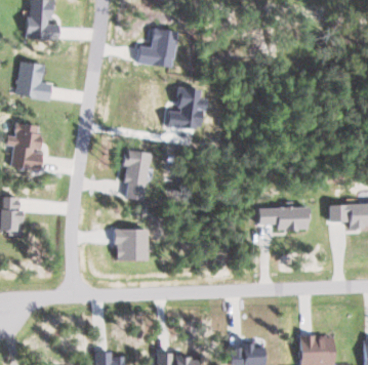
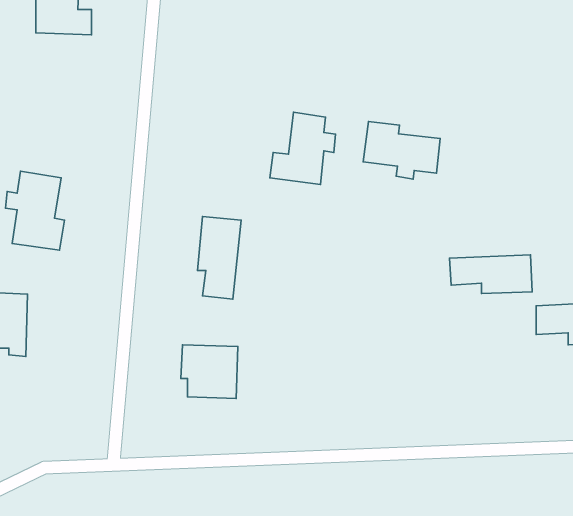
building: [138,28,178,67] -> none
building: [16,60,51,99] -> none
building: none -> [363,122,440,179]
building: [258,206,309,230] -> [450,255,532,293]

